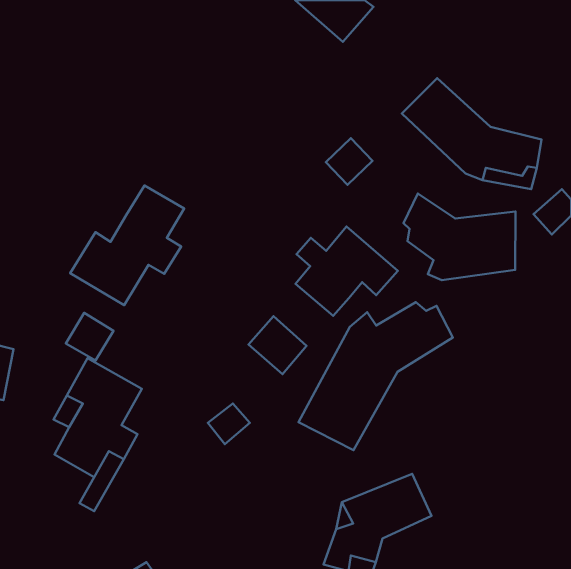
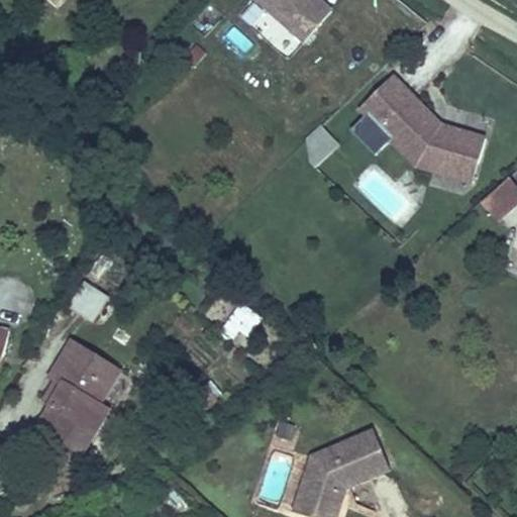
building: [70,186,184,305] -> none
building: [404,193,515,280] -> none
building: [295,227,398,316] -> none
building: [298,302,453,450] -> none

